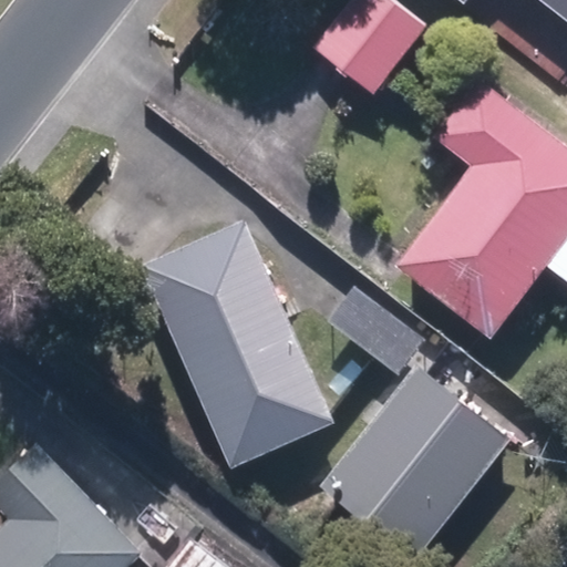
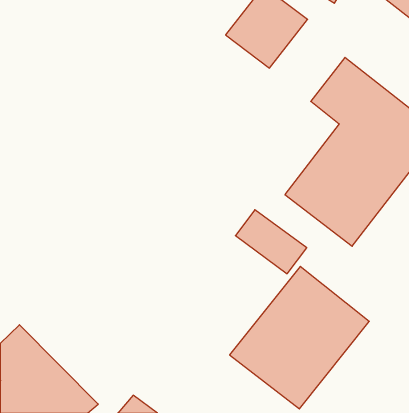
building: [140,220,332,466] -> none

